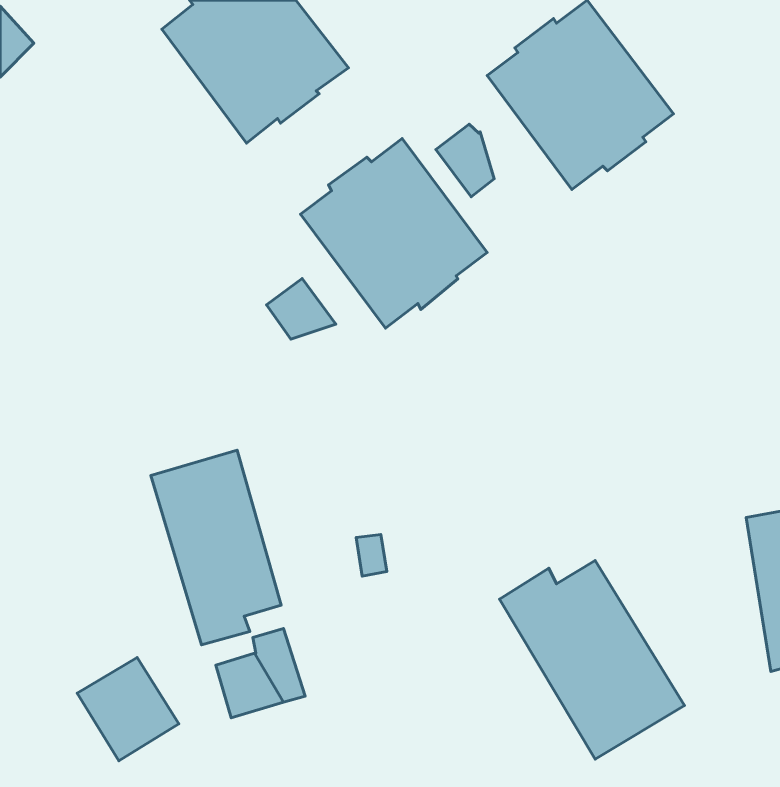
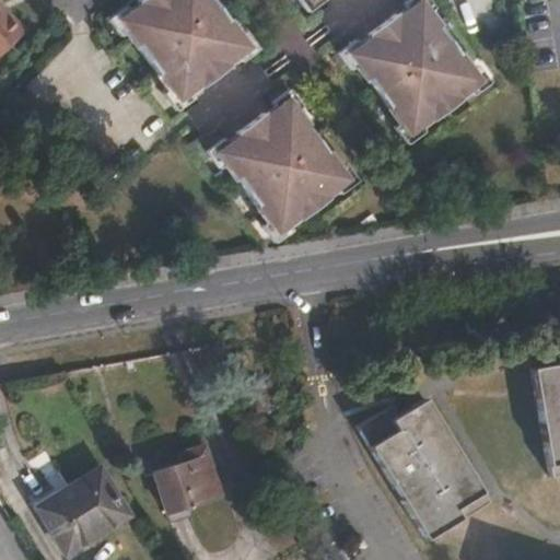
building: [436,124,494,197] -> none
building: [267,279,336,339] -> none
building: [151,450,281,645] -> none
building: none -> [38,492,90,553]

